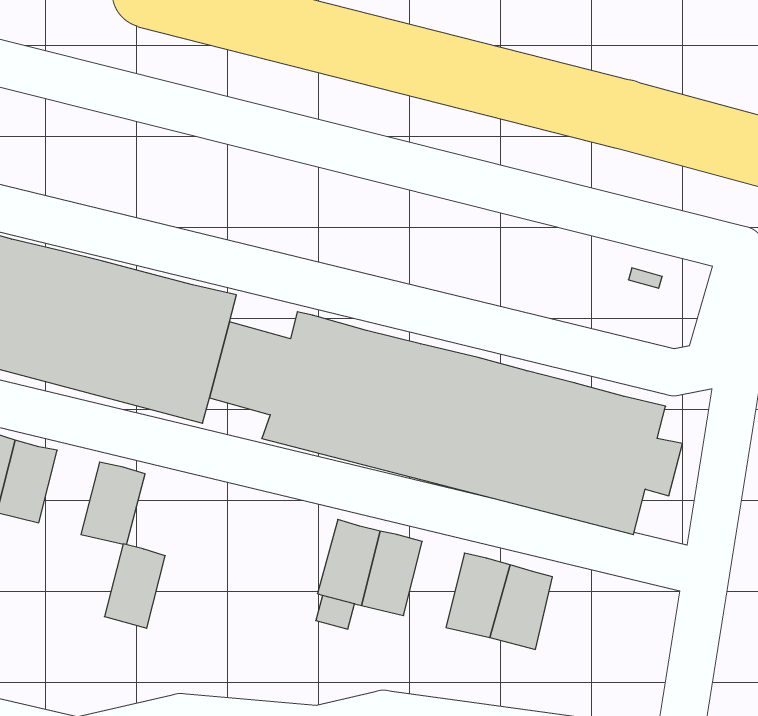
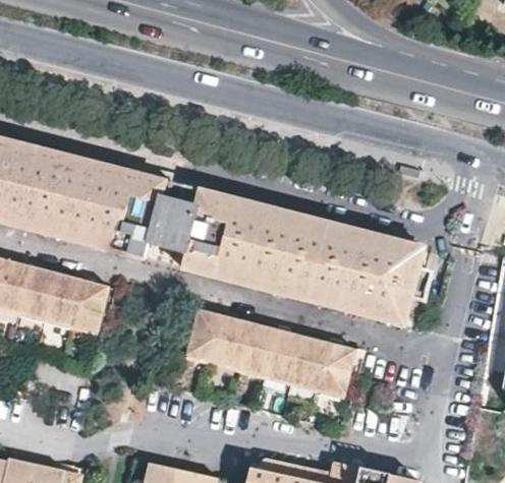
building: none -> [189,310,226,361]
building: none -> [266,329,302,381]
building: [104,544,165,628] -> [46,275,82,325]

